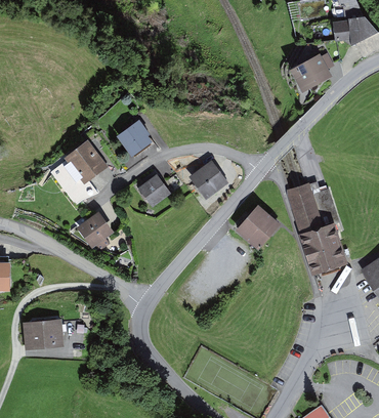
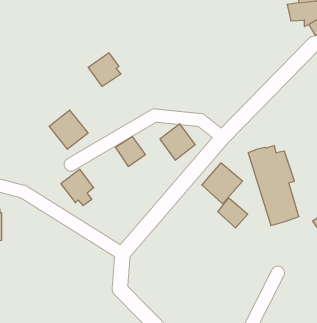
building: [290,54,335,96] -> none
building: [116,123,153,161] -> [88,53,121,86]
building: none -> [218,198,248,228]
building: [23,318,66,350] -> none

